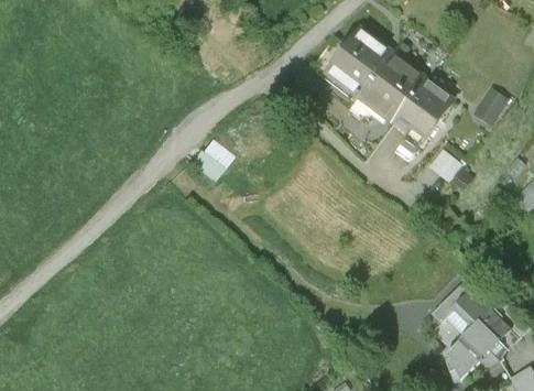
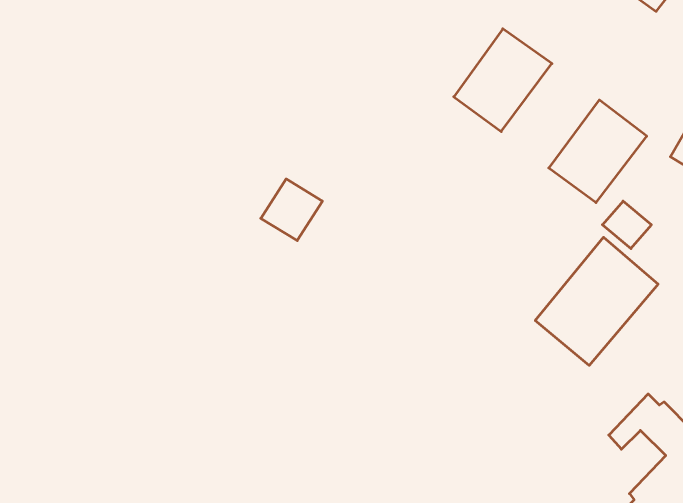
building: [358,54,426,127] -> none
building: none -> [535,237,658,365]

